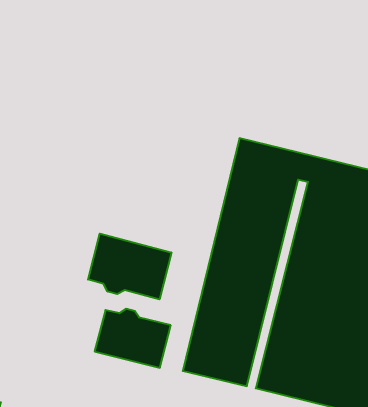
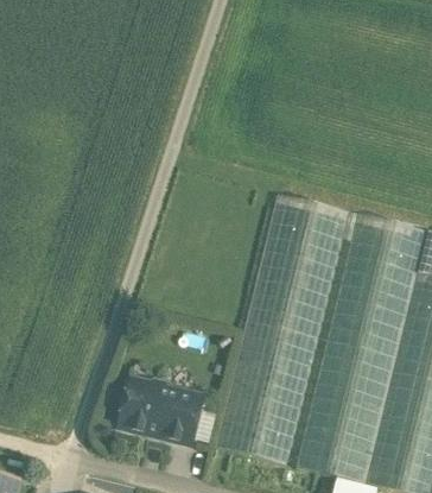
building: [88,234,171,299] -> none

